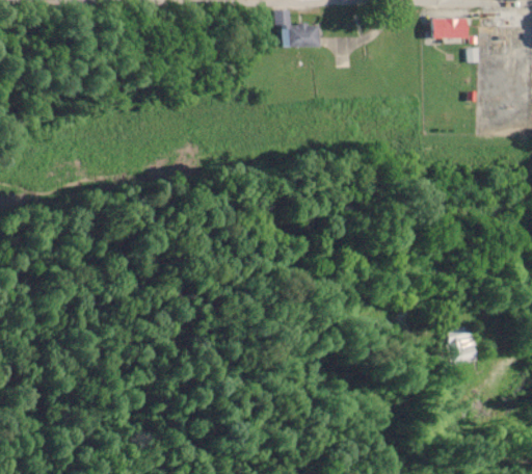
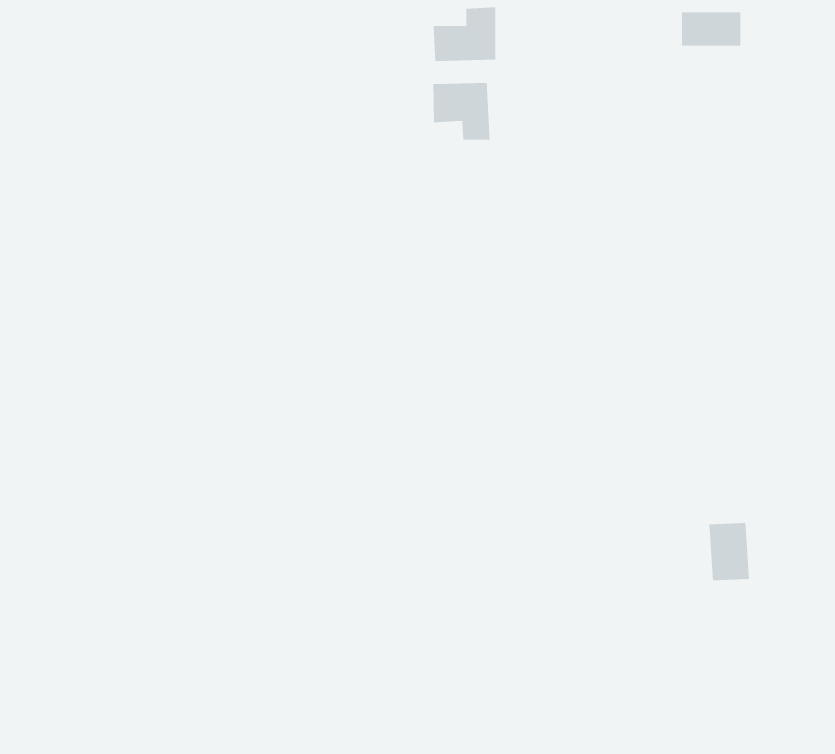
building: none -> [433,82,490,140]

